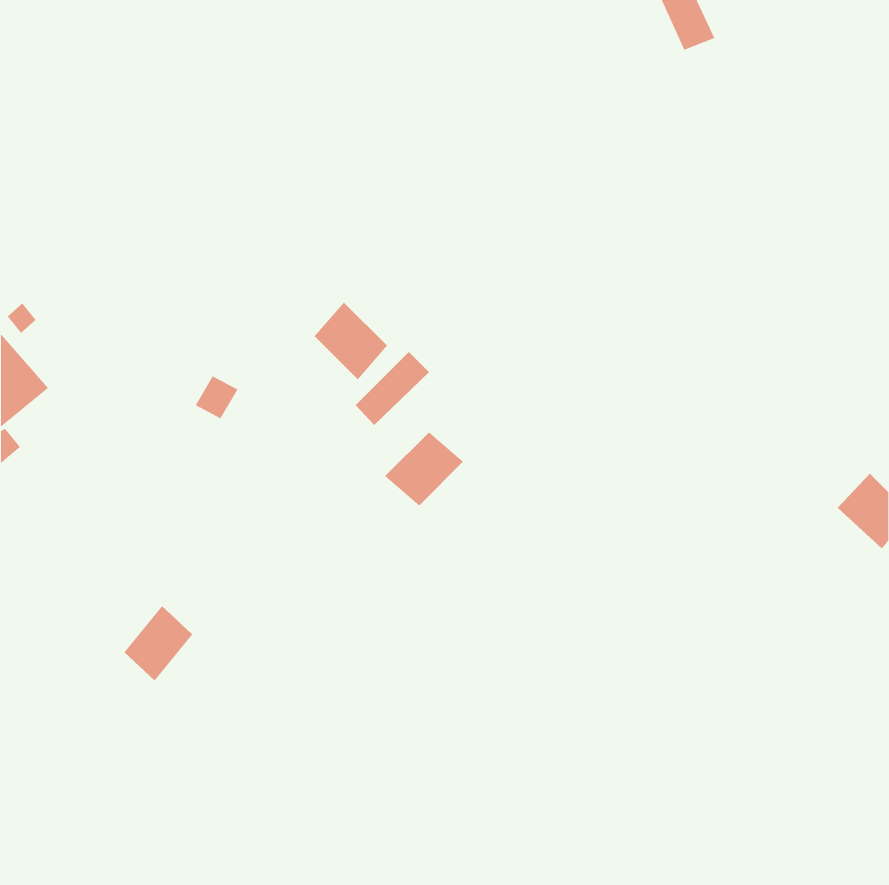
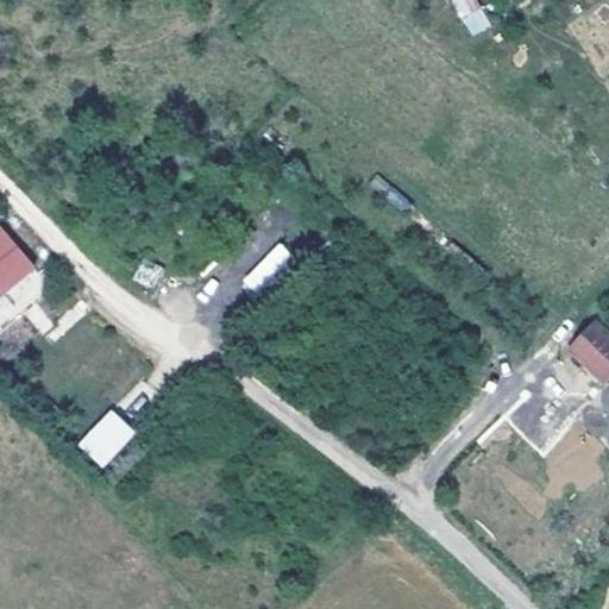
building: [314,302,388,380] -> none
building: [384,431,464,506] -> none

